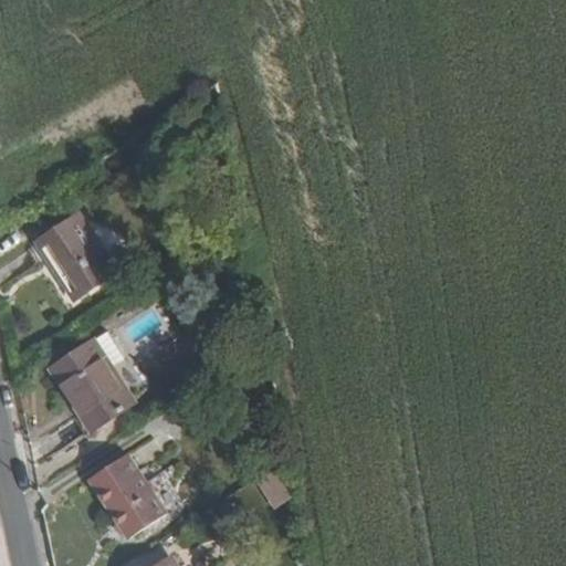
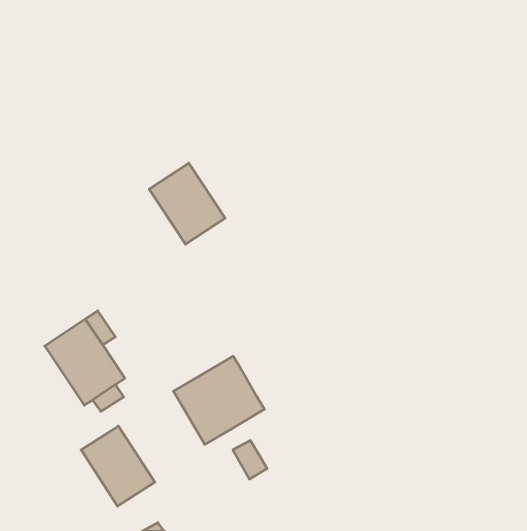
building: [33,213,114,300] -> [149,163,225,244]
building: none -> [173,356,264,444]

